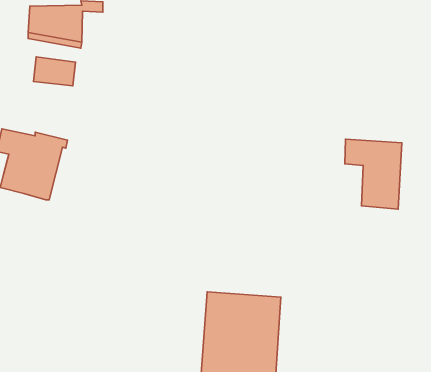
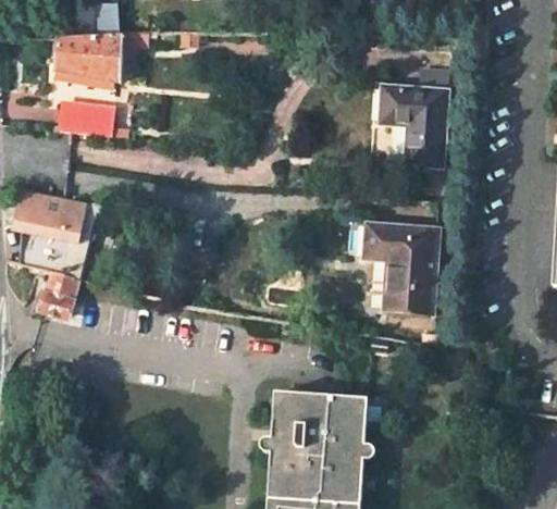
building: none -> [381,87,445,164]
building: [345,139,402,209] -> [364,224,435,311]
building: none -> [38,270,75,316]

